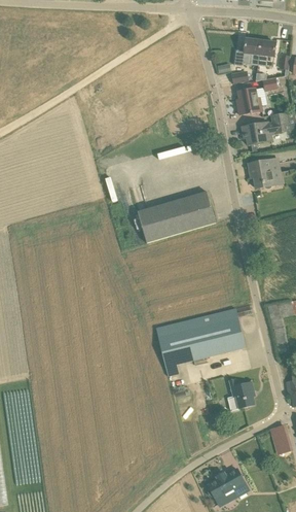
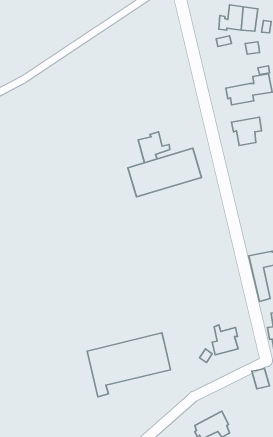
building: [237,88,259,114] -> none
building: none -> [138,132,170,163]
building: [156,308,245,376] -> [87,333,171,397]

